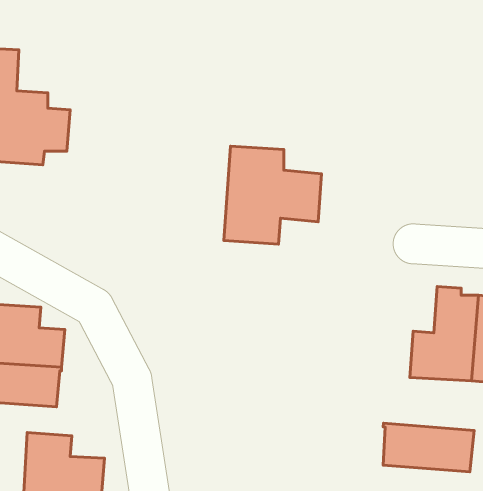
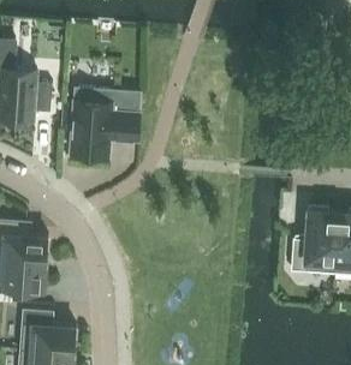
building: [224,146,322,244] -> [70,88,138,156]
building: [383,423,474,472] -> none

